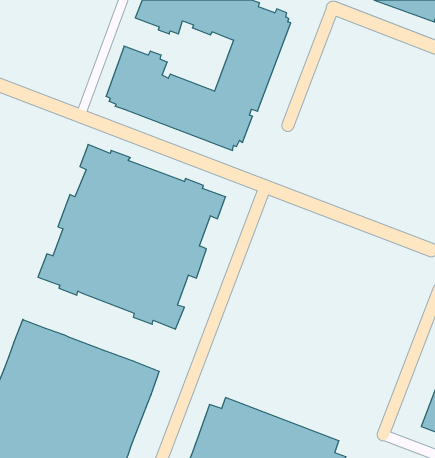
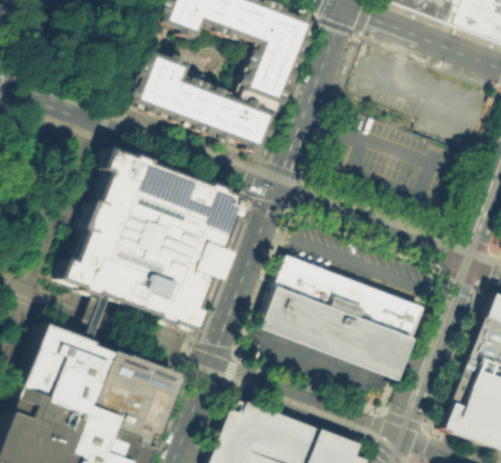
building: none -> [262,255,427,379]

